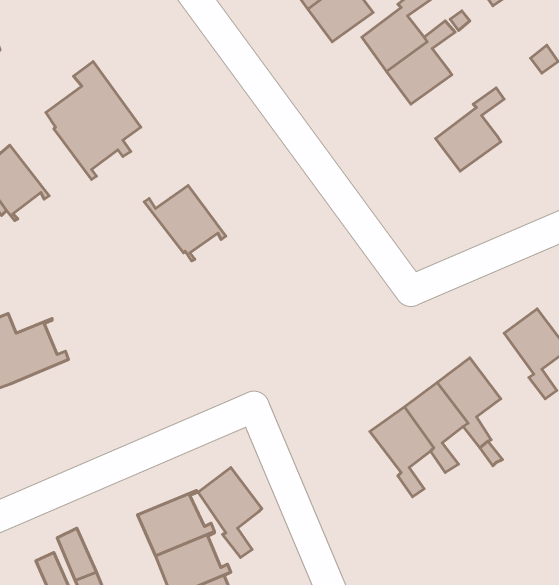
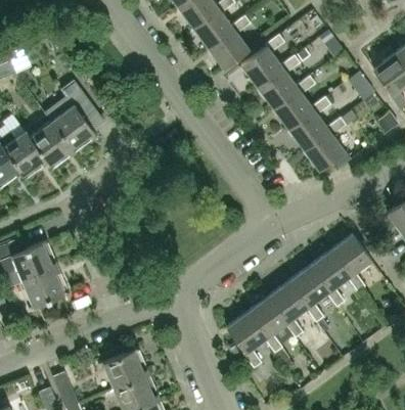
building: none -> [273,76,316,129]
building: none -> [304,118,347,171]
building: [144,186,226,261] -> [22,123,74,170]
building: none -> [310,250,350,307]
building: none -> [22,267,70,308]
building: [198,468,262,558] -> [227,312,267,368]

